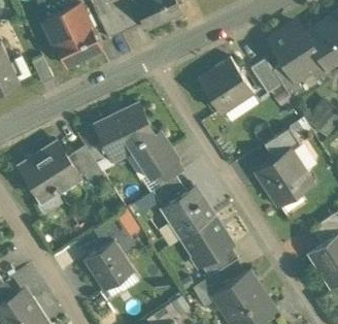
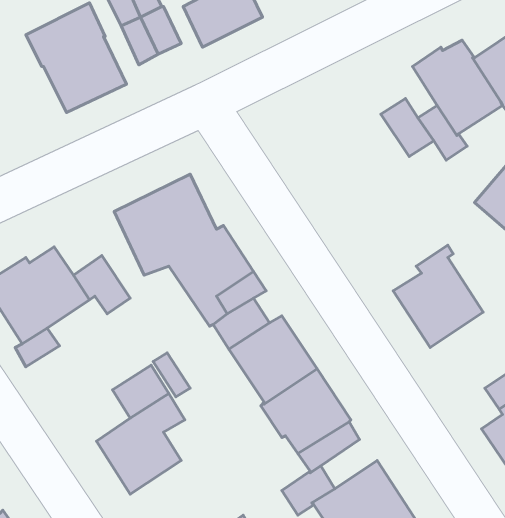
building: [198,59,254,116] -> none
building: [263,128,301,158] -> none

